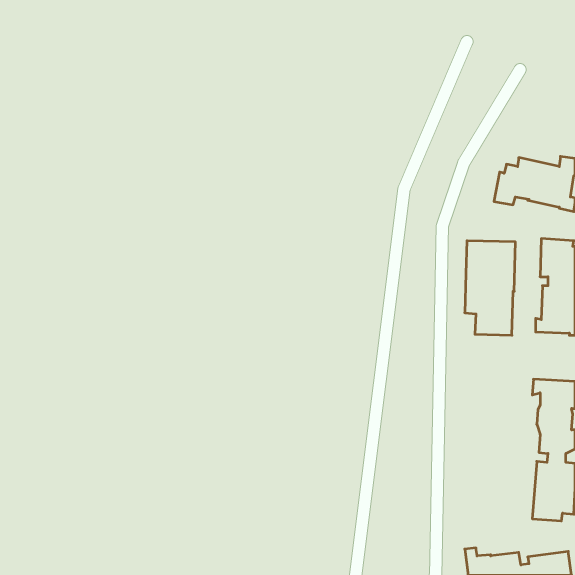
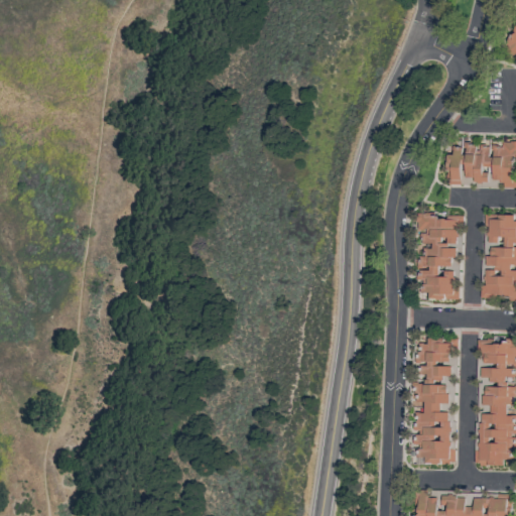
building: none -> [411,337,459,465]

